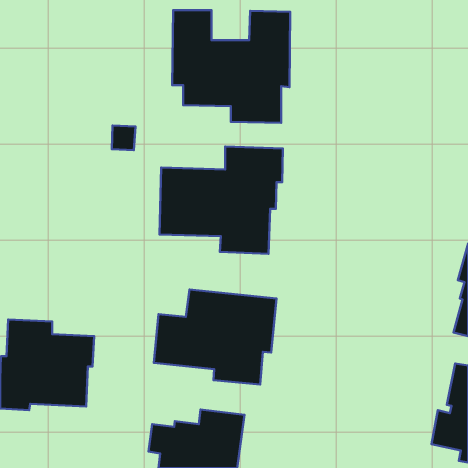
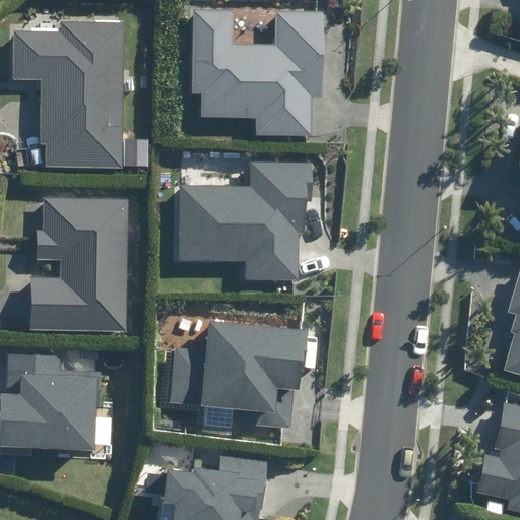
building: none -> [13,22,125,169]
building: none -> [29,198,128,331]

